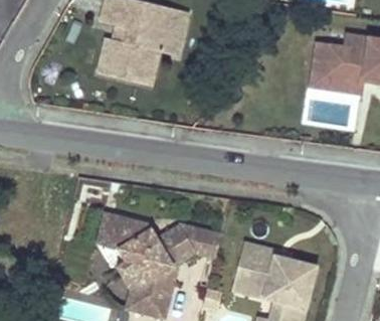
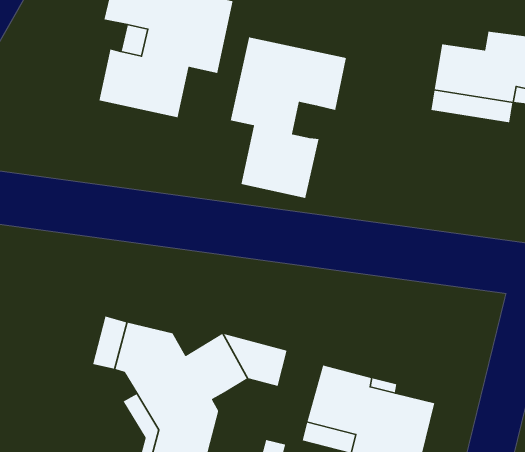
building: none -> [230,37,347,199]

